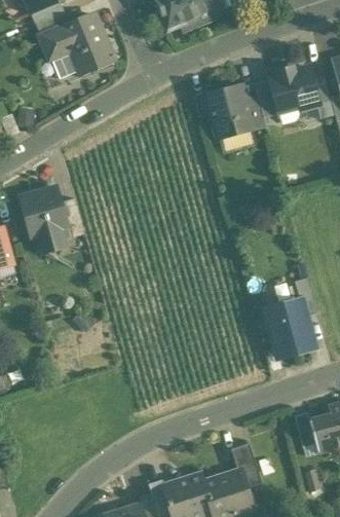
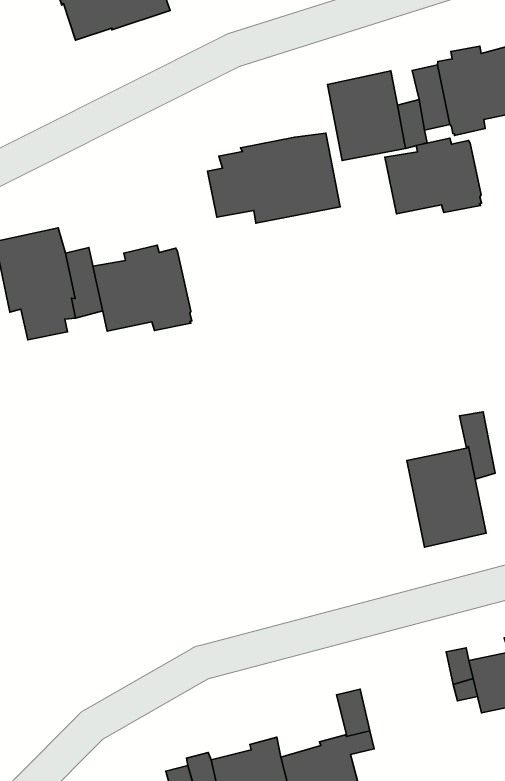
building: none -> [385,138,481,214]
building: none -> [207,133,340,223]
building: none -> [93,245,192,331]

